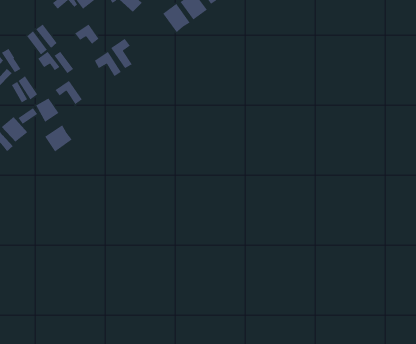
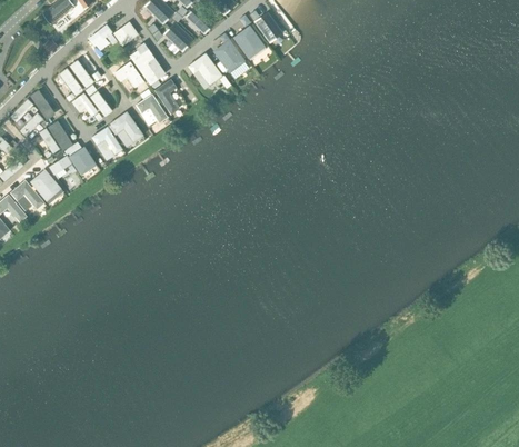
building: none -> [129,49,158,85]
building: none -> [187,53,221,85]
building: none -> [109,111,142,142]
building: [44,124,72,152] -> none

